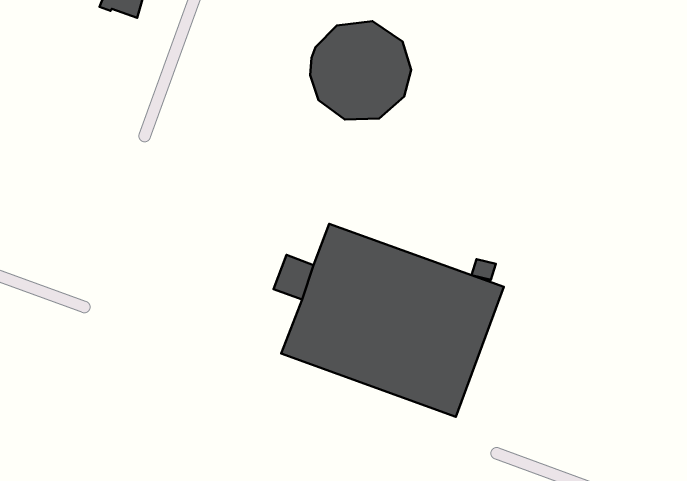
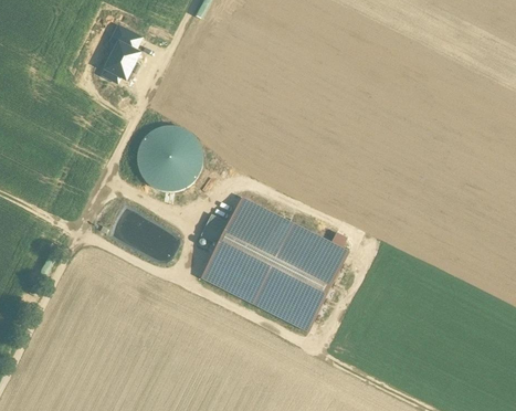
building: none -> [101,42,137,82]
building: [310,21,411,119] -> [136,127,201,190]

